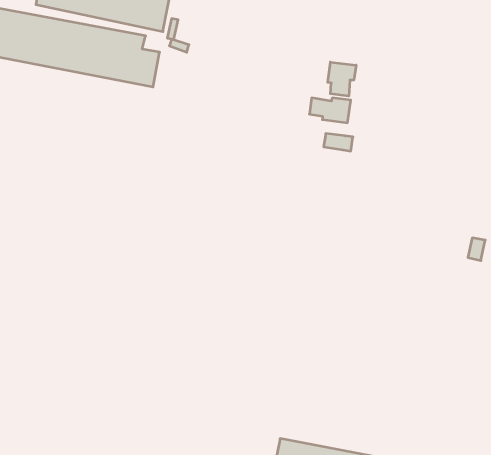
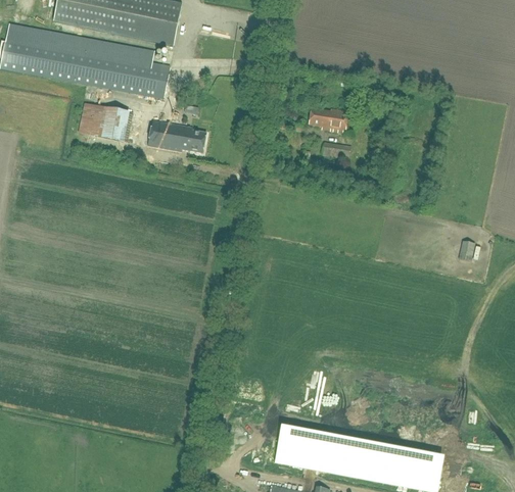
building: [328,62,356,96] -> none
building: none -> [79,102,140,142]
building: none -> [148,119,206,152]

